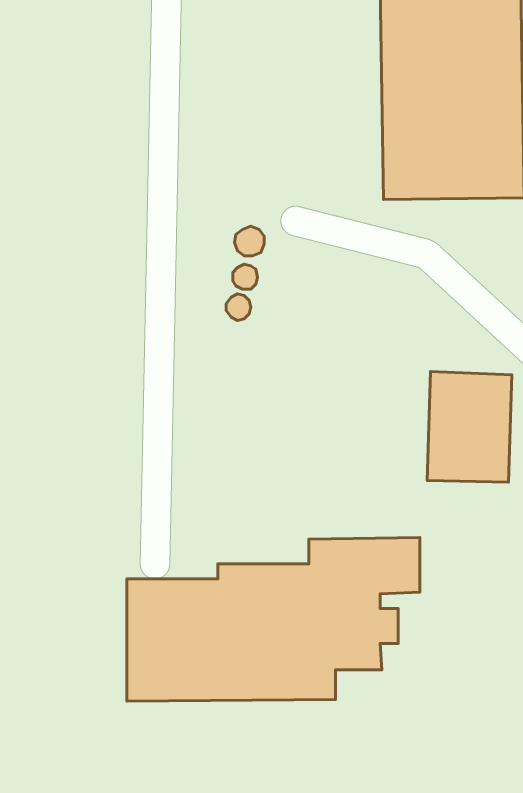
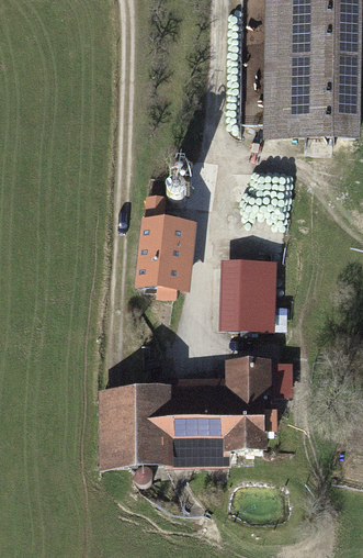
building: none -> [136,193,194,298]
building: [427,371,512,482] -> [219,258,275,332]

